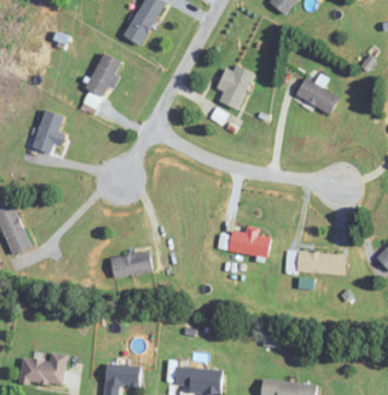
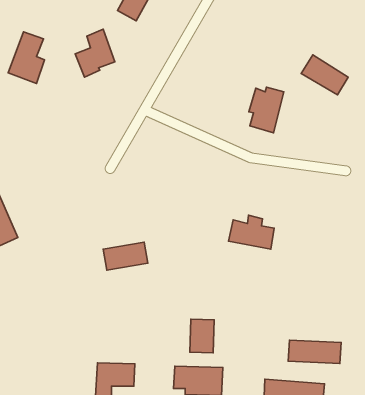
building: [217,65,250,108] -> [249,87,284,133]
building: [31,109,64,157] -> [8,32,45,83]
building: [296,252,345,274] -> [288,340,341,363]
building: none -> [190,319,214,353]
building: [20,352,66,385] -> none

